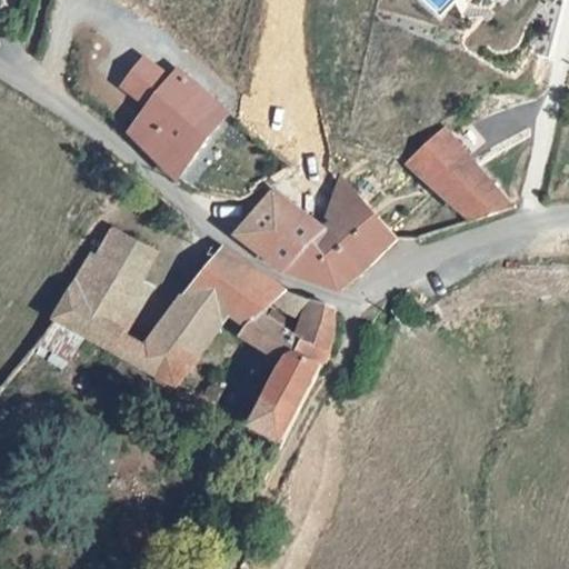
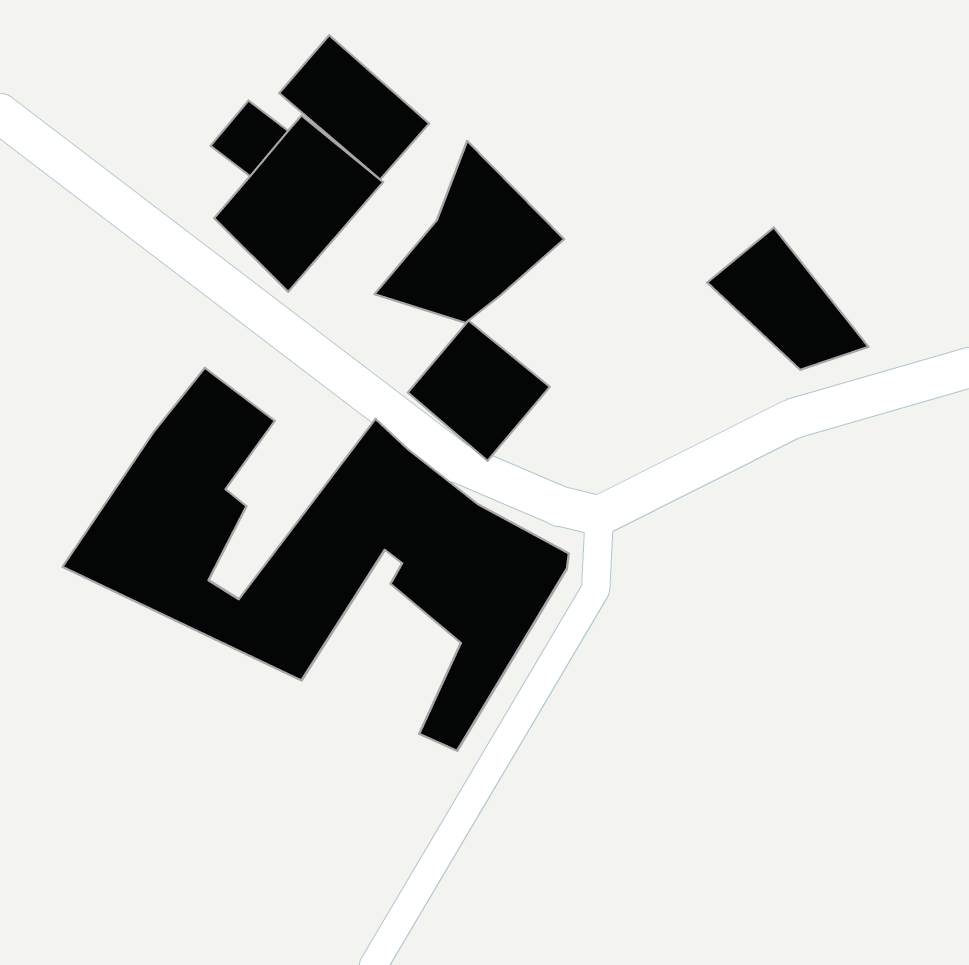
building: none -> [279,35,429,180]
building: [286,180,397,287] -> [374,141,564,323]

